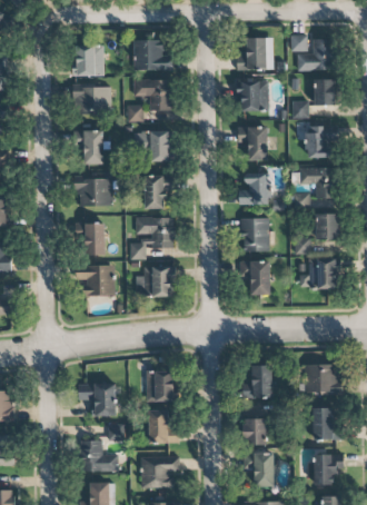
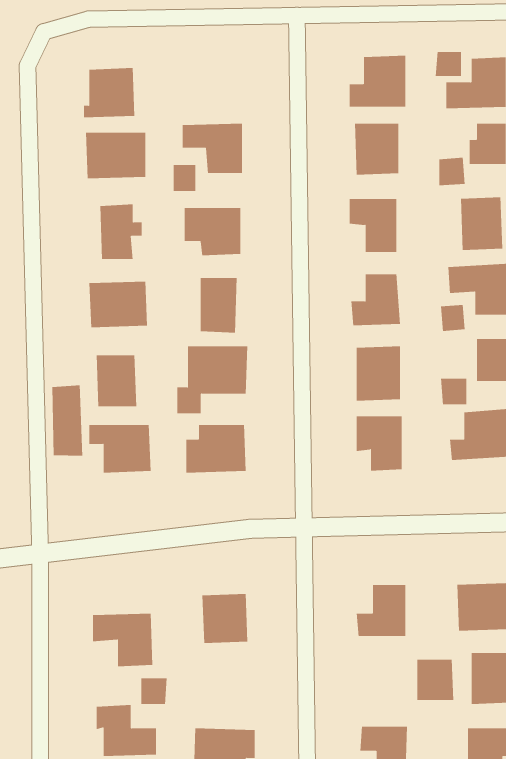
building: [133,39,172,70] -> none
building: none -> [52,384,83,456]
building: [148,408,170,443] -> none
building: [244,418,267,444] -> [417,659,454,700]

